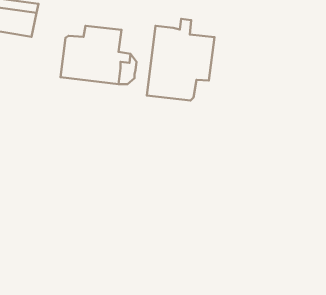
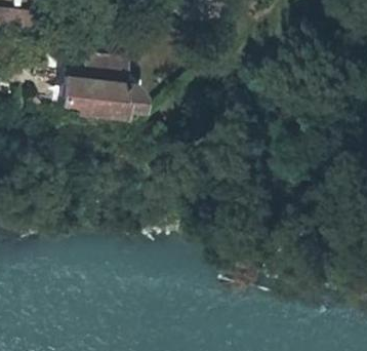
building: [147,19,215,101] -> none

